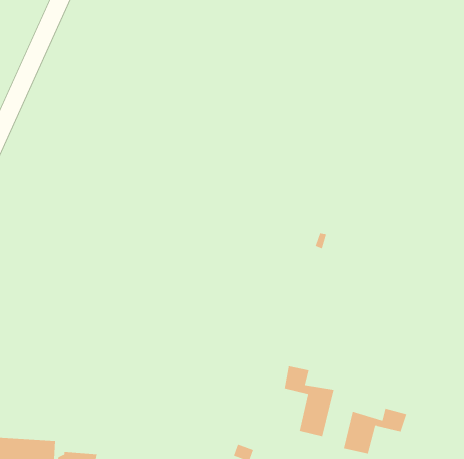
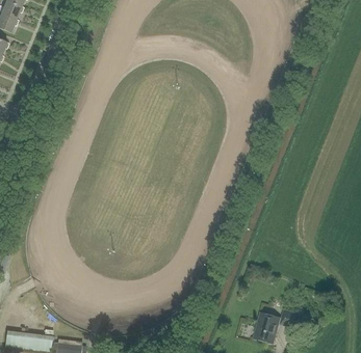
building: [284,365,334,437] -> none

